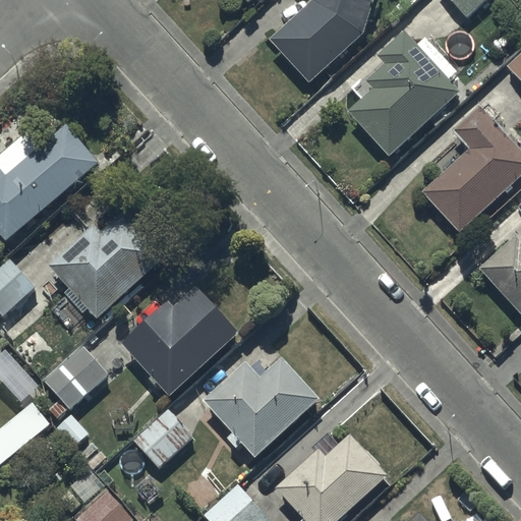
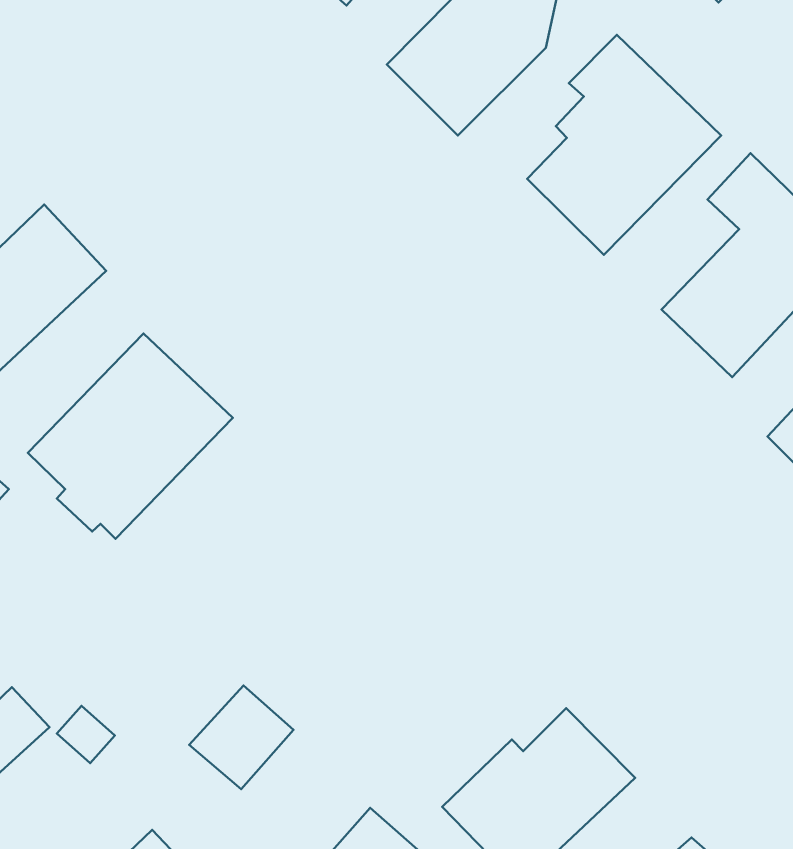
building: [120,283,239,394] -> none
building: [45,344,108,407] -> none
building: [205,354,320,455] -> none

